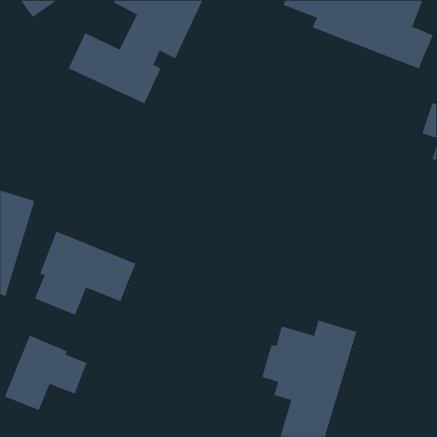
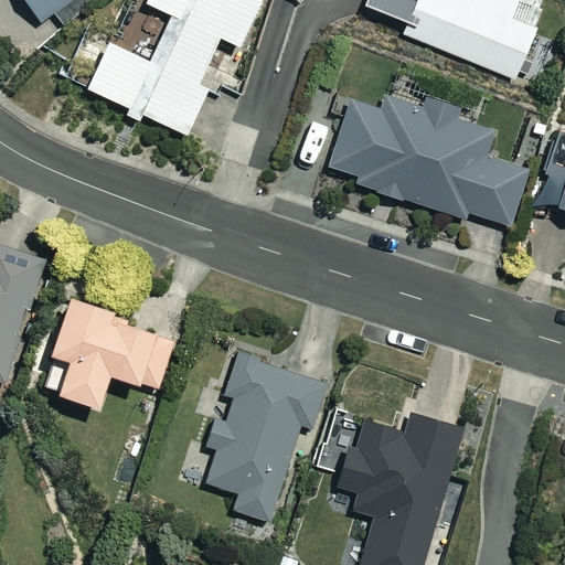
building: none -> [326,92,529,228]
building: none -> [205,353,326,522]
building: [4,335,87,411] -> none

